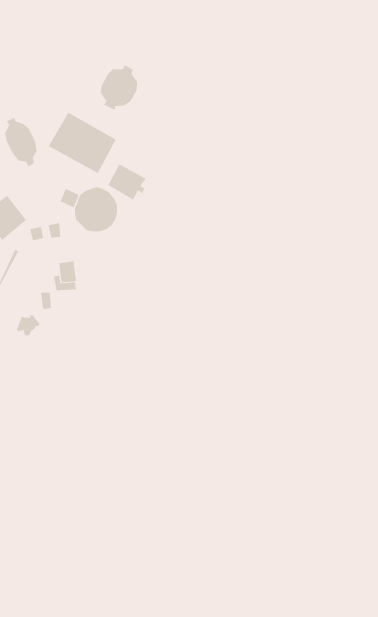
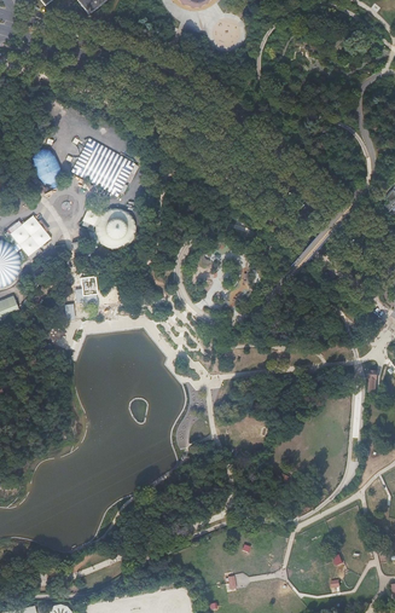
building: [100,64,138,111] -> none
building: [107,163,146,201] -> none

